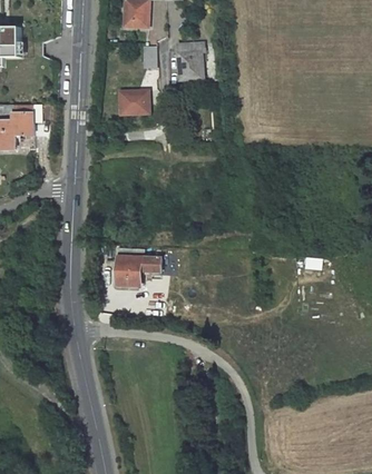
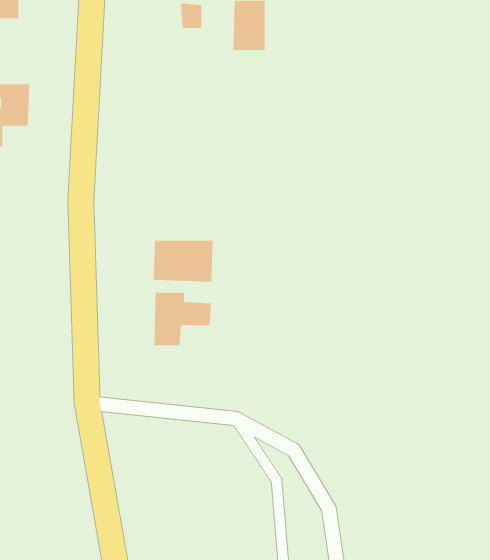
building: [119,90,146,113] -> none
building: none -> [153,240,213,282]

